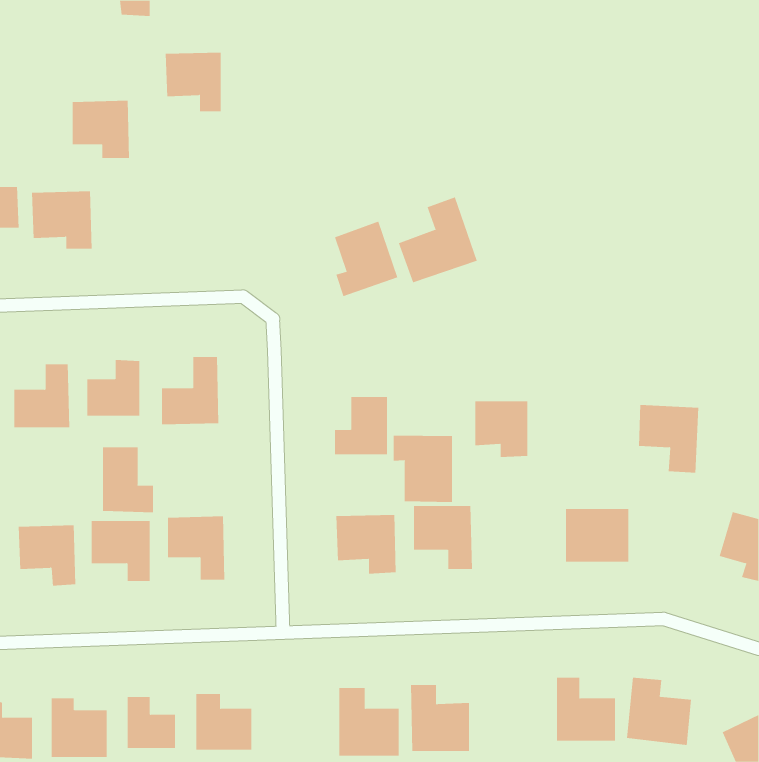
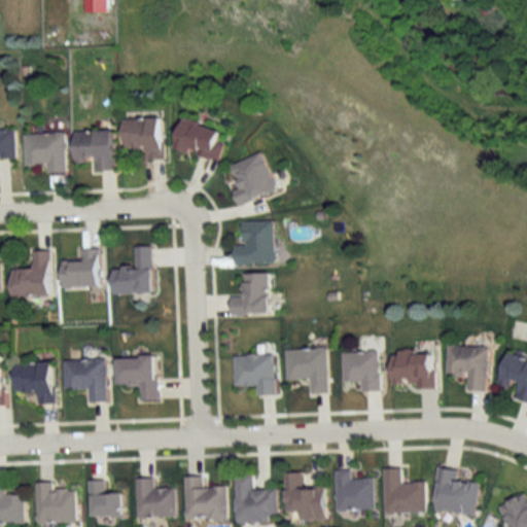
building: [165,52,222,112] -> [121,117,161,159]
building: [72,100,130,158] -> [72,130,112,170]
building: none -> [173,117,222,161]
building: [398,197,477,283] -> none
building: none -> [233,221,274,266]
building: [475,401,528,458] -> [341,352,378,391]
building: [638,404,699,473] -> [446,345,488,392]
building: [393,435,453,503] -> none
building: [103,447,153,513] -> none
building: none -> [335,469,374,510]
building: none -> [183,477,225,520]

